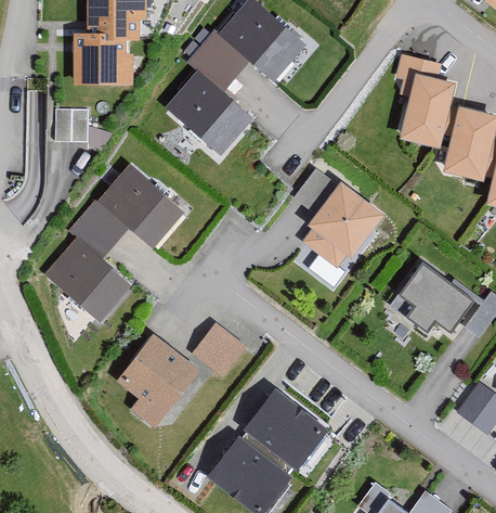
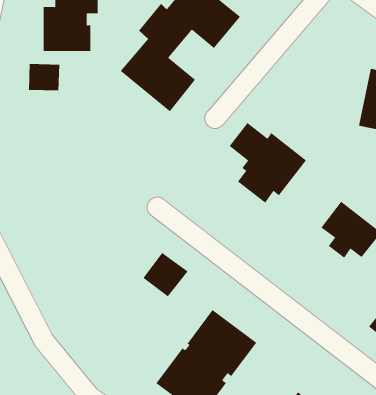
building: [396,54,458,149] -> none
building: [44,166,187,325] -> none
building: [117,335,199,428] -> none

